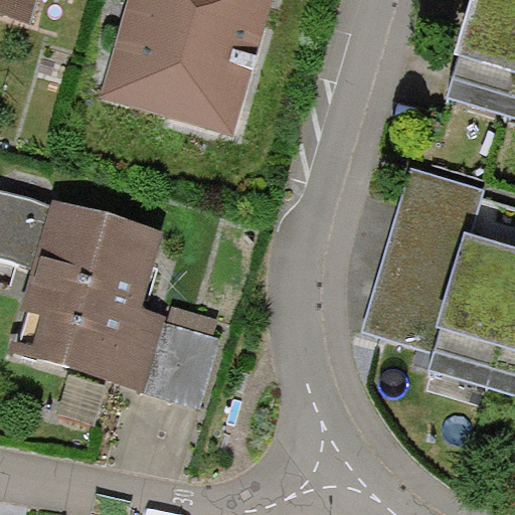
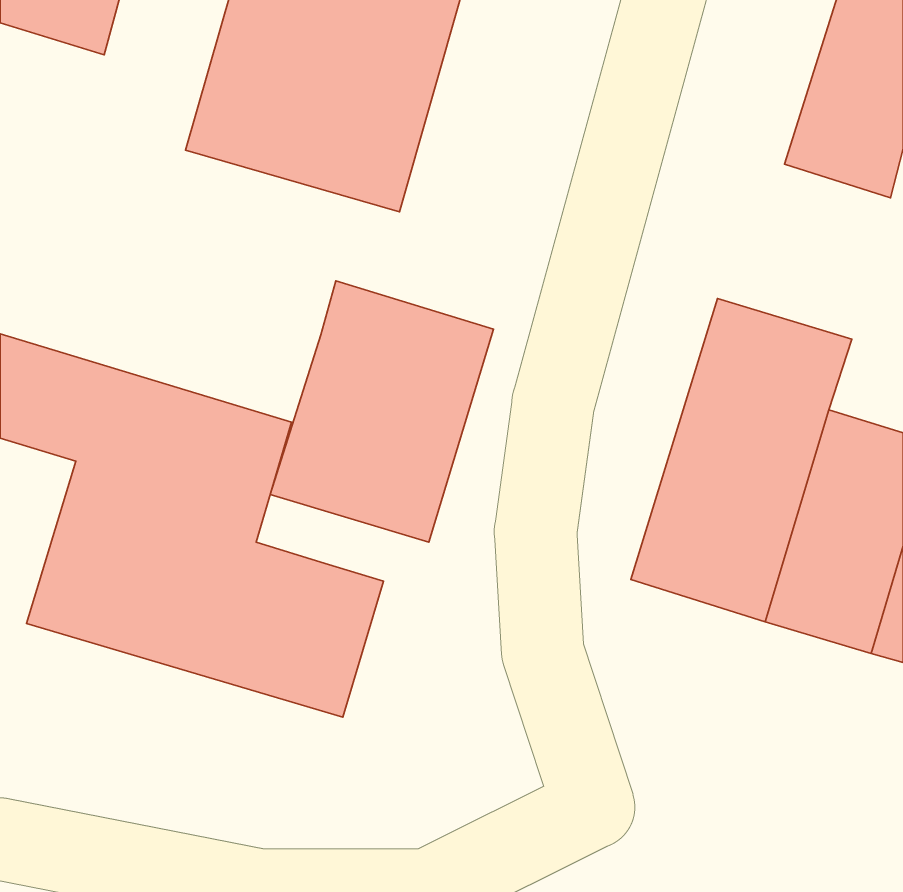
building: none -> [270,281,494,542]

